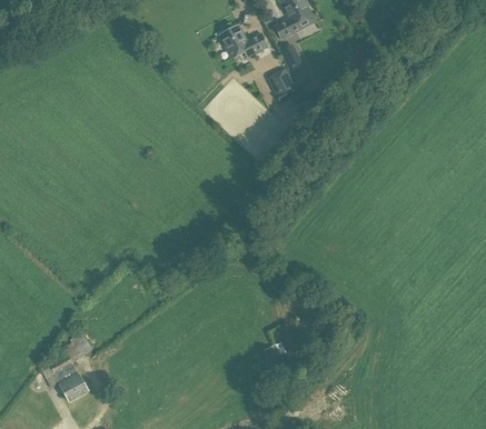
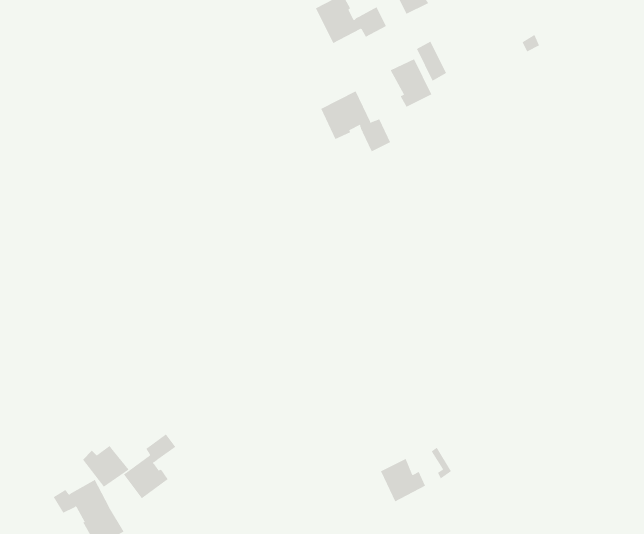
building: none -> [320,91,391,152]
building: none -> [123,434,176,499]

